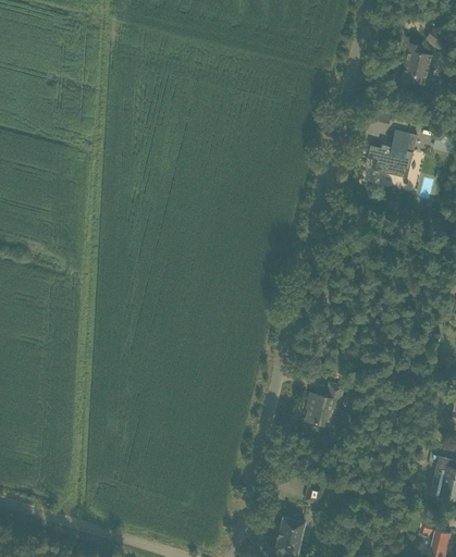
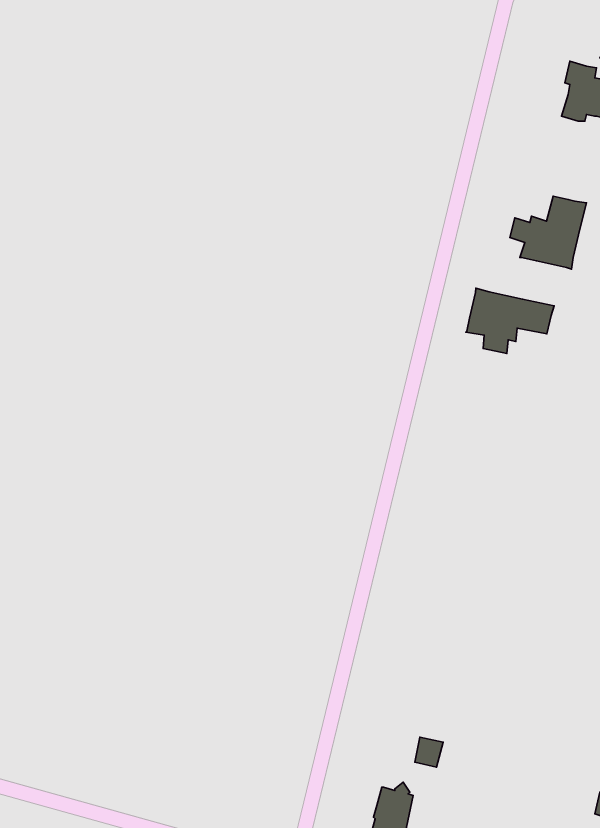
building: none -> [466,288,554,353]
building: [306,384,343,425] -> none

